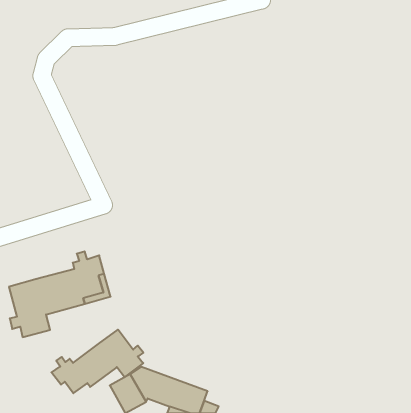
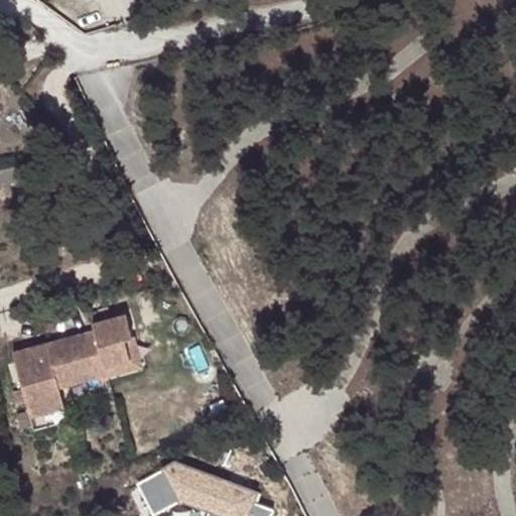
building: [51,330,143,393] -> none

